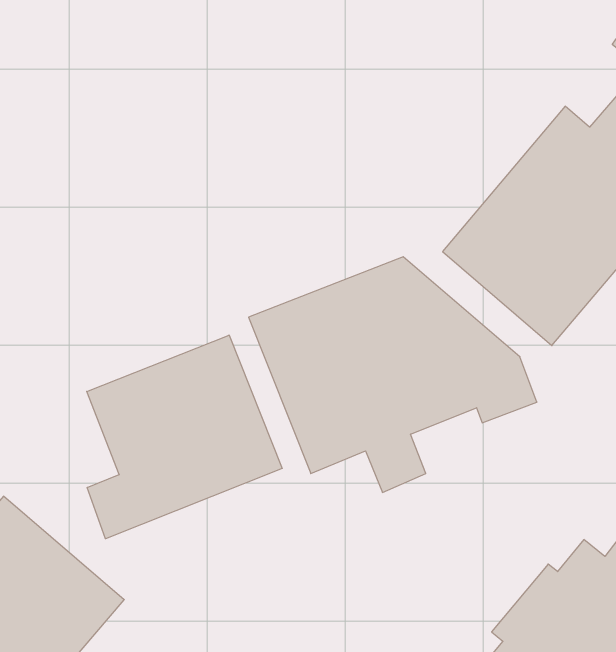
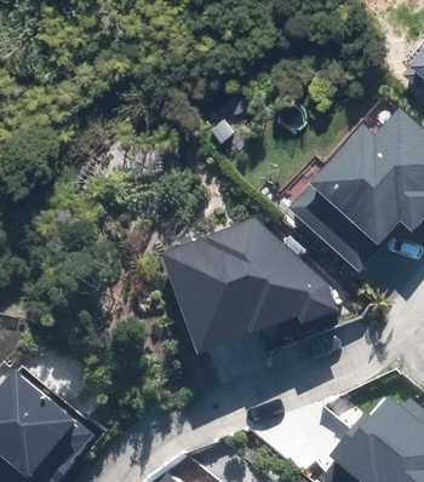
building: [87,335,282,539] -> none

